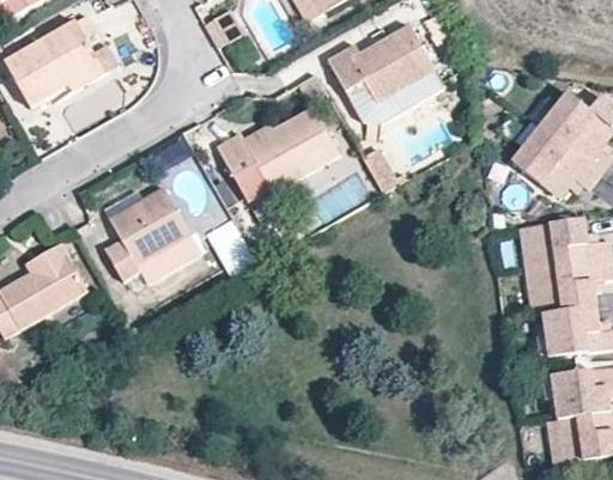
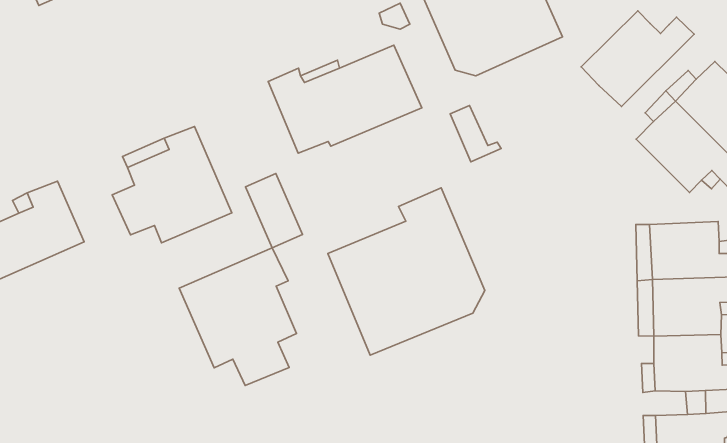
building: none -> [581,11,694,107]
building: none -> [328,188,485,355]
building: none -> [179,248,297,386]

